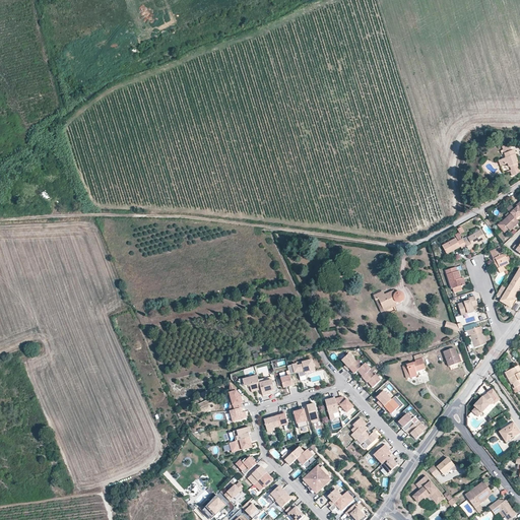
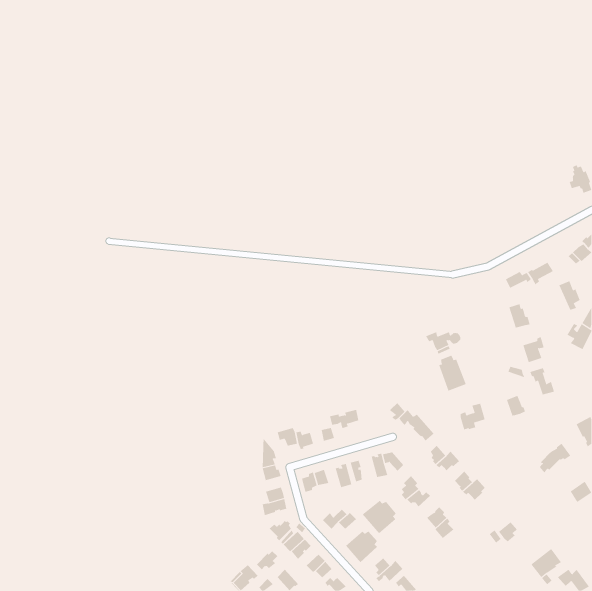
building: none -> [439,355,466,391]
building: none -> [362,500,396,534]
building: [413,475,445,504] -> none

